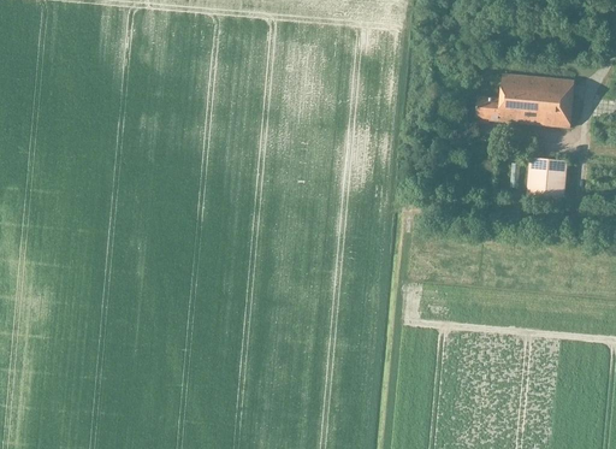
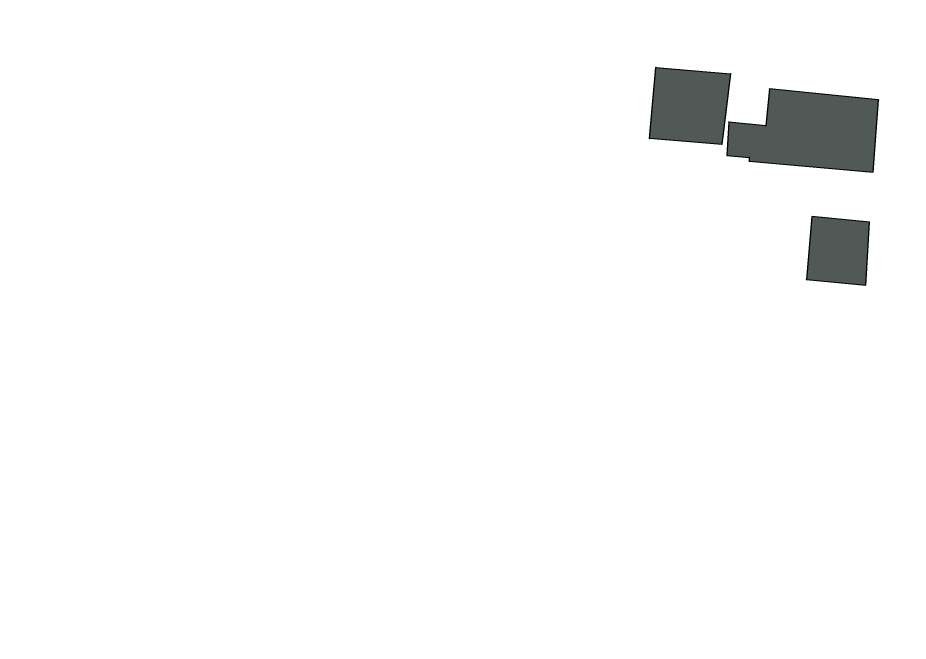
building: none -> [650,67,731,144]

